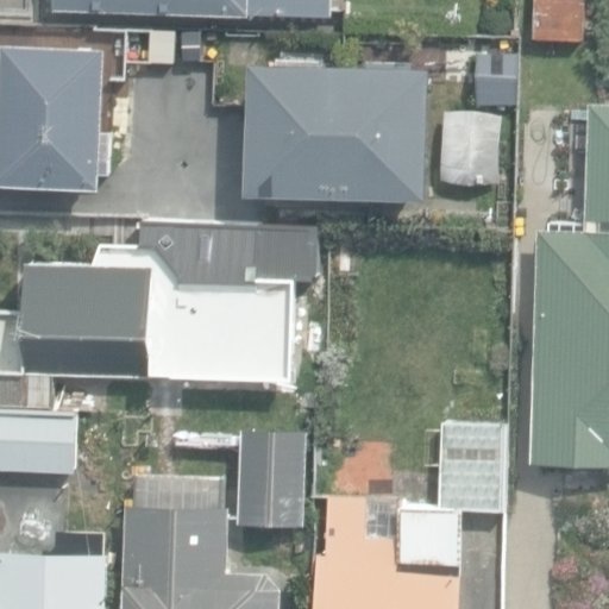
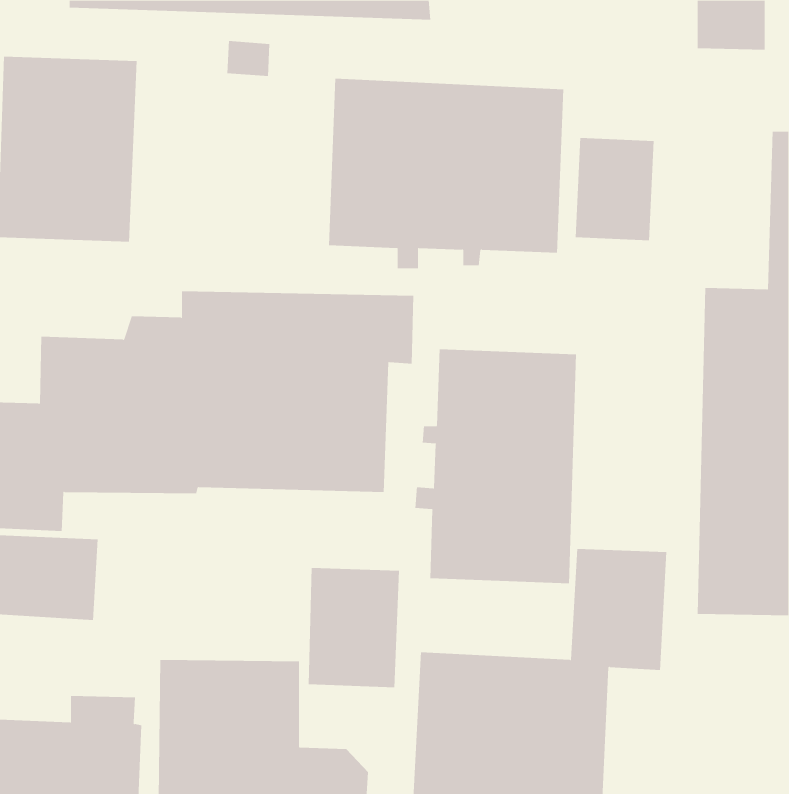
building: none -> [415,349,577,584]

